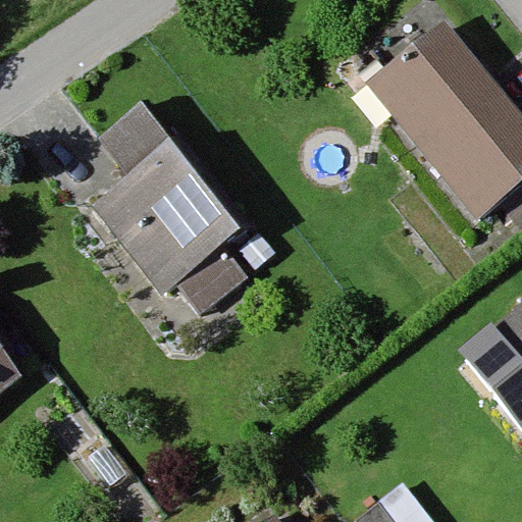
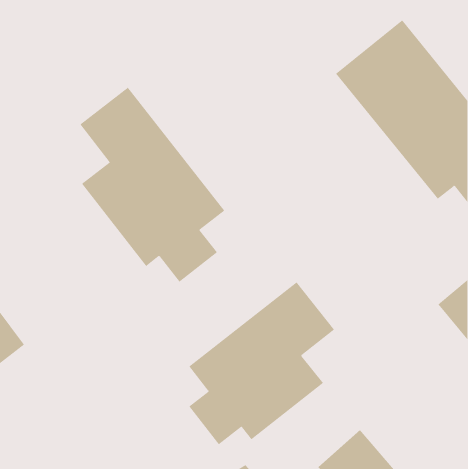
building: none -> [188,281,335,445]

